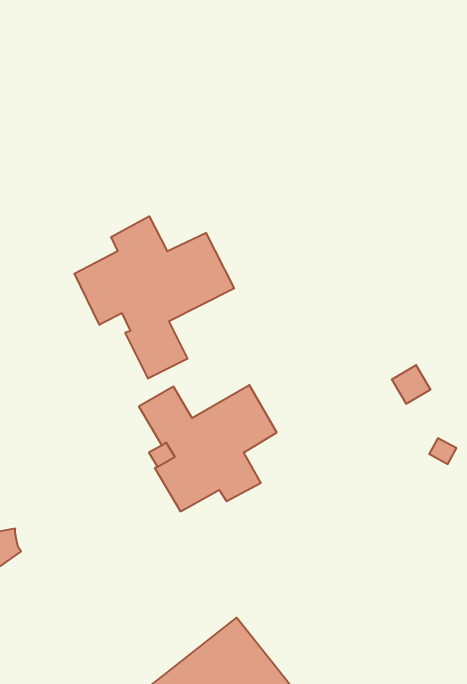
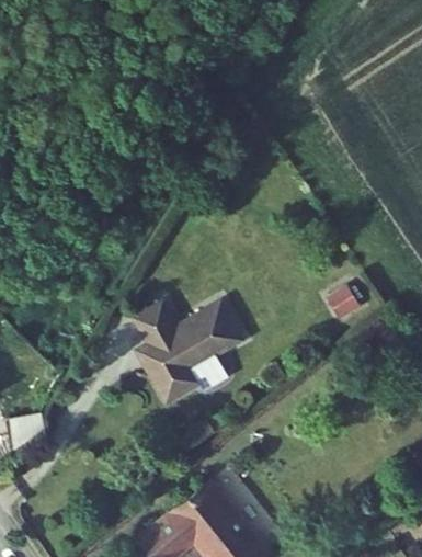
building: [74,216,234,379] -> none

